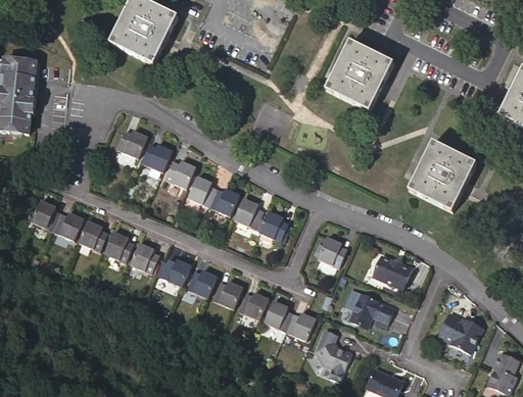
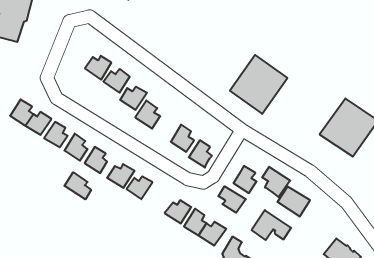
building: [326,38,392,107] -> [230,55,287,114]
building: [207,192,238,220] -> none
building: none -> [262,167,290,197]
building: none -> [218,186,246,213]
building: none -> [64,172,91,199]
building: [212,281,243,309] -> none

